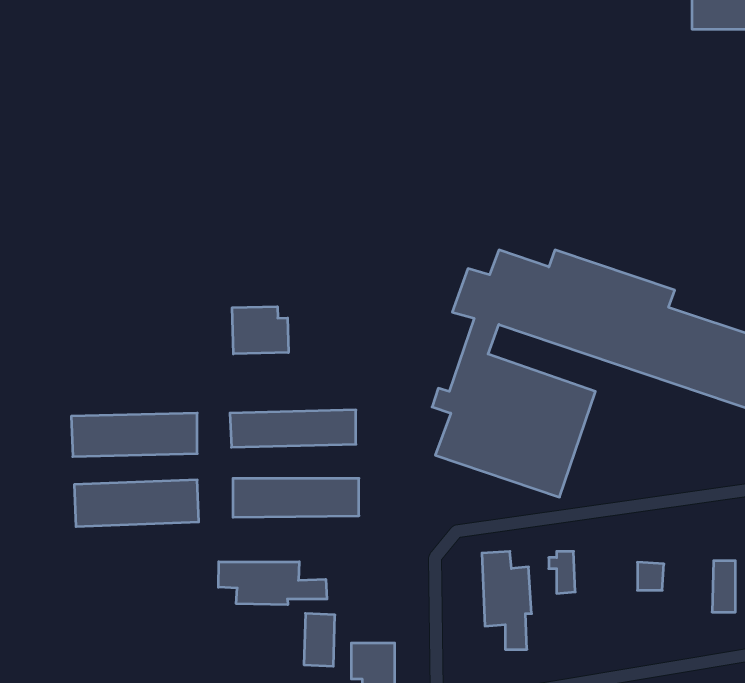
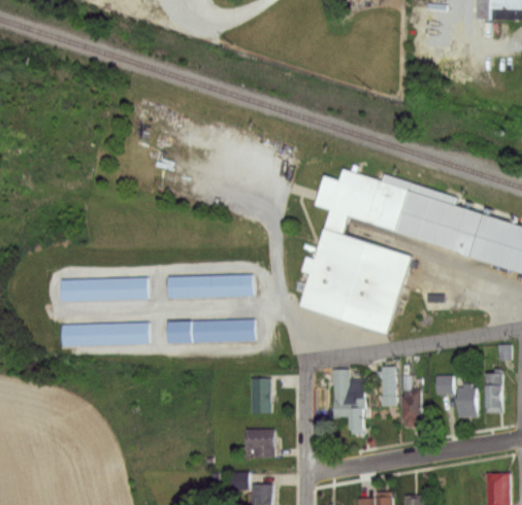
building: [232,307,288,354] -> none
building: [218,562,327,605] -> none
building: none -> [457,382,477,417]
building: none -> [401,388,421,426]
building: [304,613,335,666] -> [251,377,271,412]

